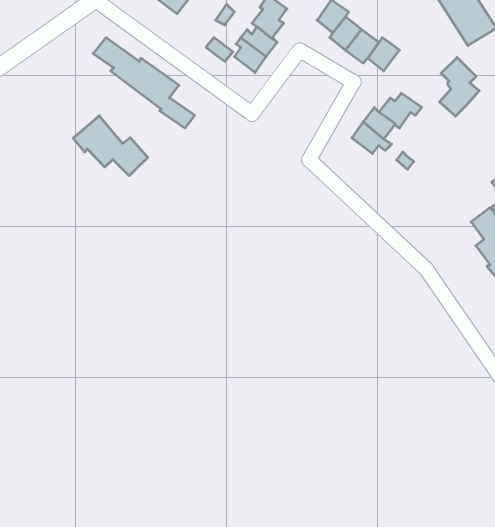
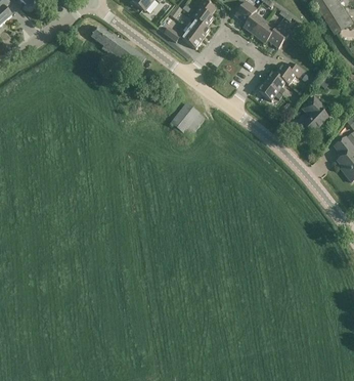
building: [440,57,479,116] -> [302,95,327,133]
building: [73,116,148,176] -> none
building: none -> [169,102,204,137]

